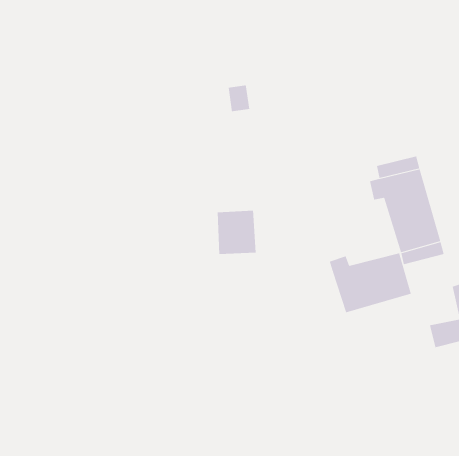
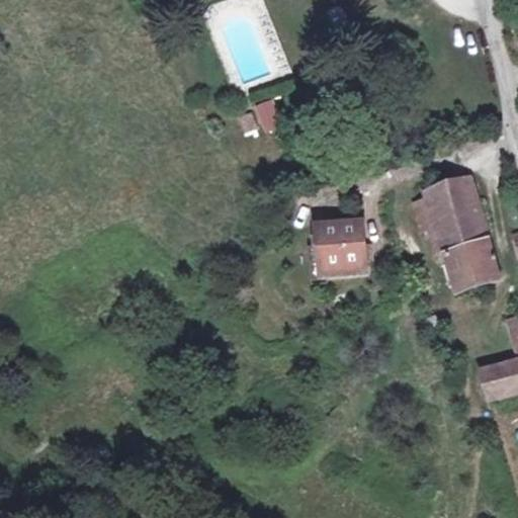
building: [217,210,256,254] -> [316,222,360,271]
building: [329,252,411,313] -> none

